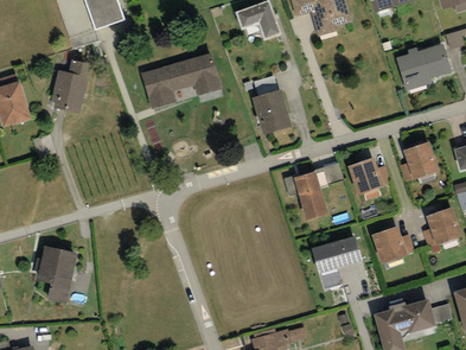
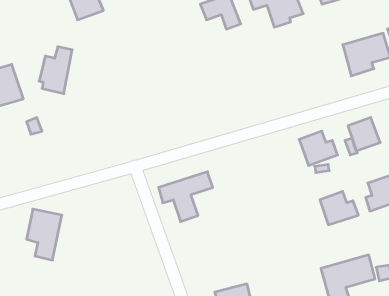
building: [143,53,222,108] -> none
building: [253,88,292,134] -> none
building: [282,163,344,219] -> [159,172,213,222]
building: [312,234,363,273] -> none

